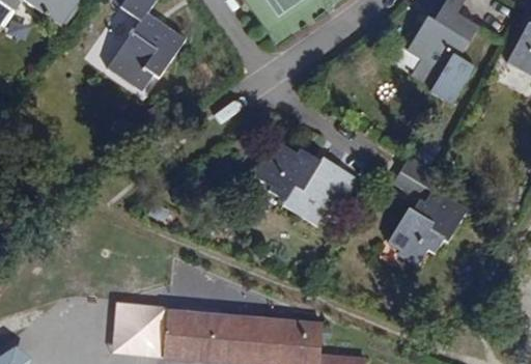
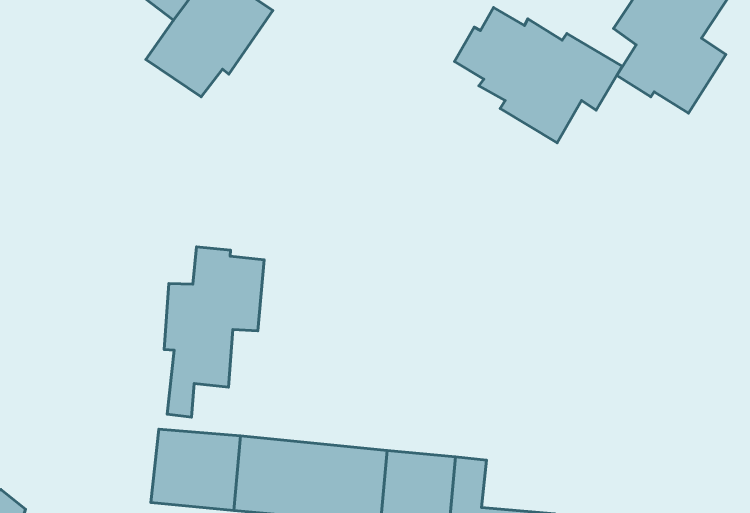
building: [253,141,360,227] -> [455,8,622,143]
building: [388,156,469,267] -> none
building: none -> [164,247,264,417]

